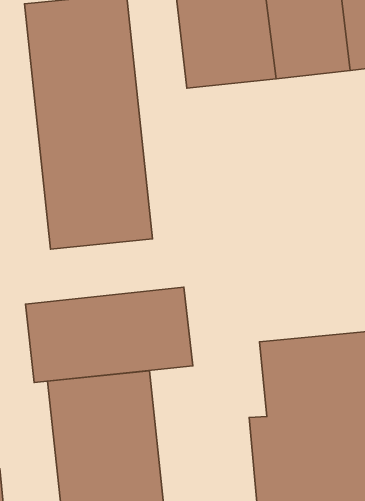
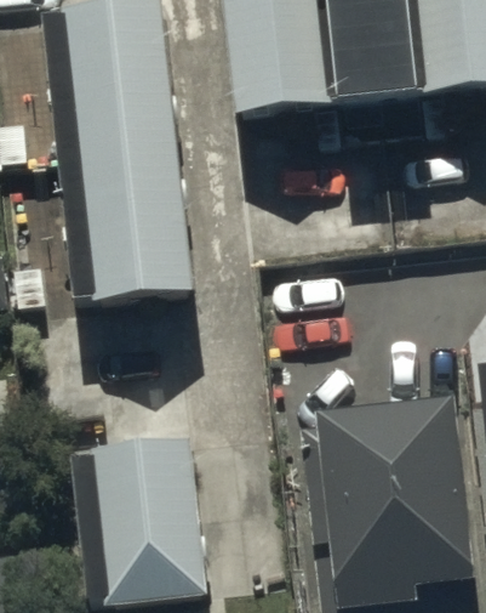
building: [25,287,193,383] -> none

